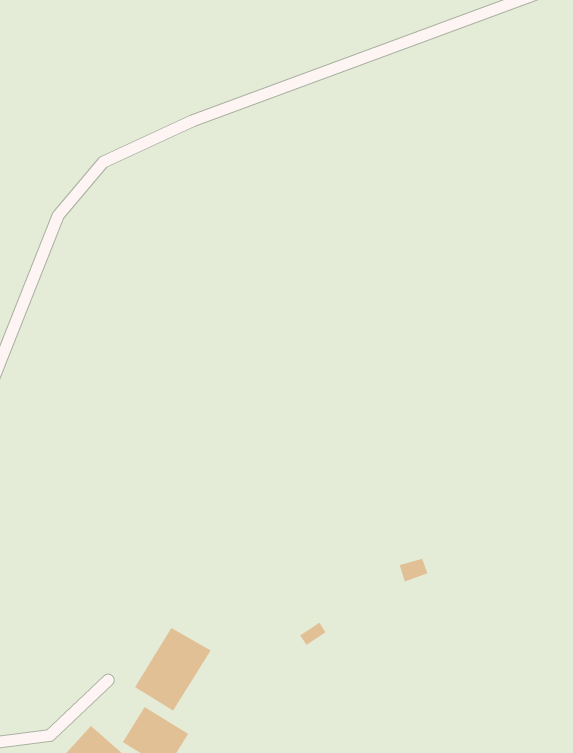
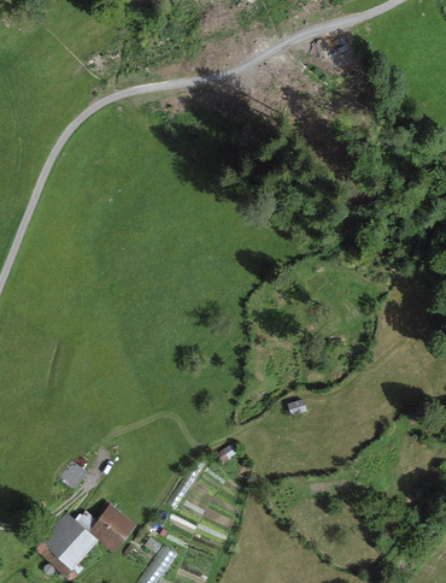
building: [134,627,212,711] -> none

